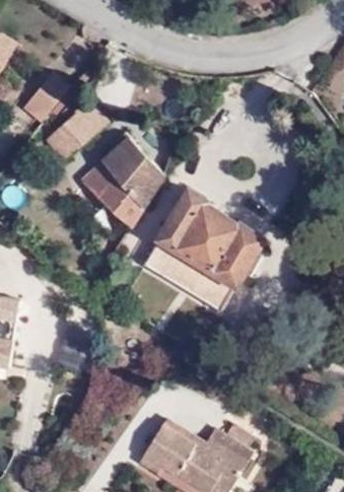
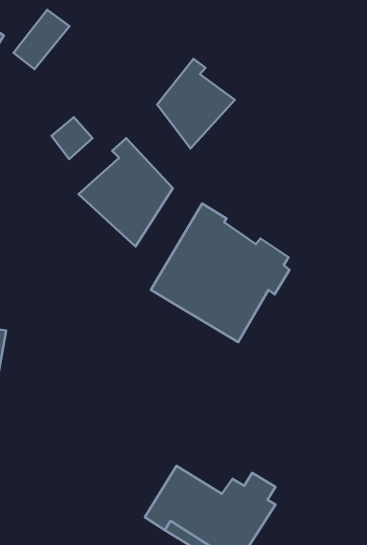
building: none -> [157,59,235,149]
building: [22,72,71,124] -> [13,10,69,69]

